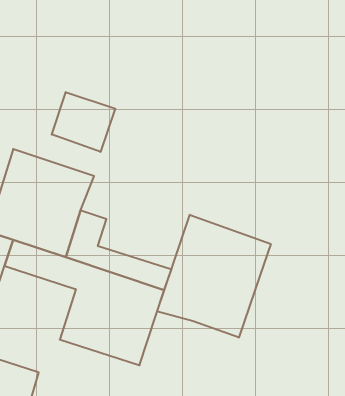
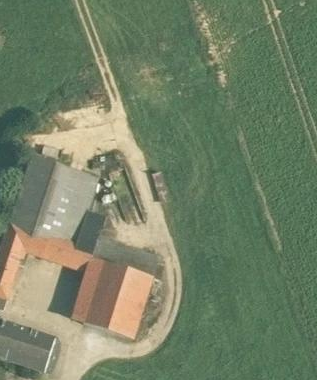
building: [52,92,115,152] -> none
building: [157,215,271,338] -> none

